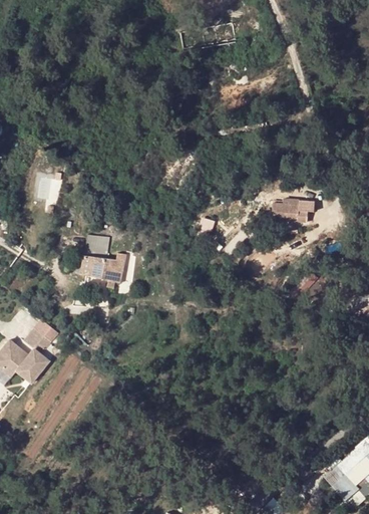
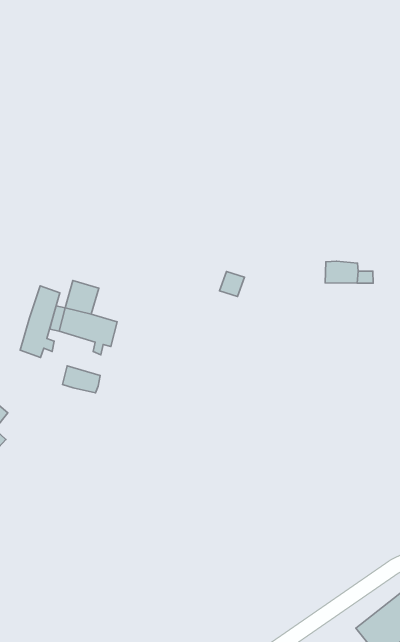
building: none -> [20,286,60,358]
building: none -> [62,366,100,393]

